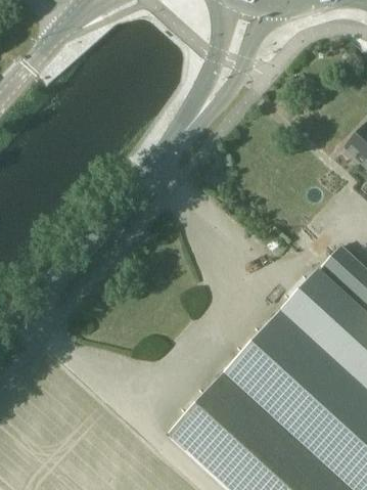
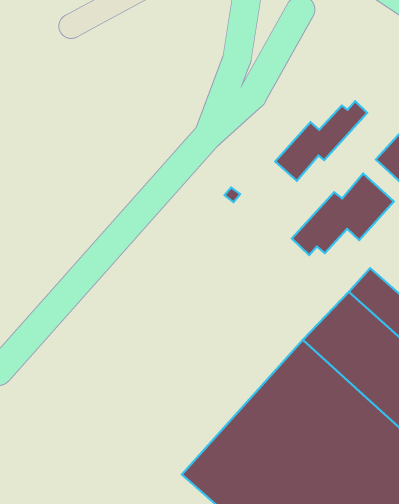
building: none -> [275,101,367,181]
building: none -> [292,173,394,255]

